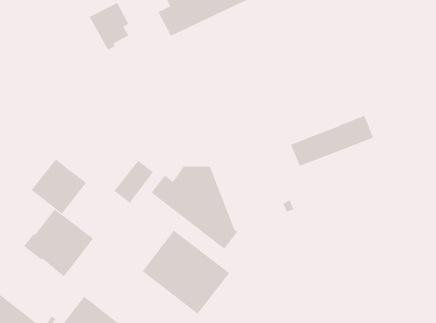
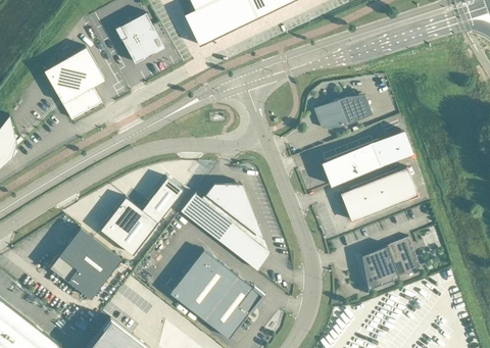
building: none -> [44,47,104,119]
building: none -> [314,93,372,130]
building: none -> [340,167,418,221]
building: [31,158,87,214] -> [100,197,158,255]
building: none -> [361,237,421,288]

